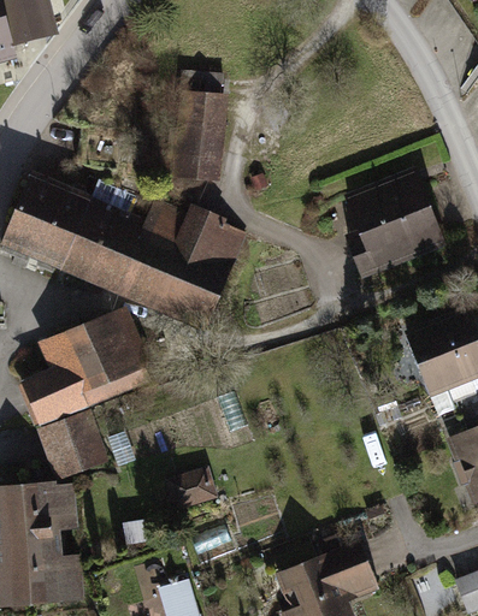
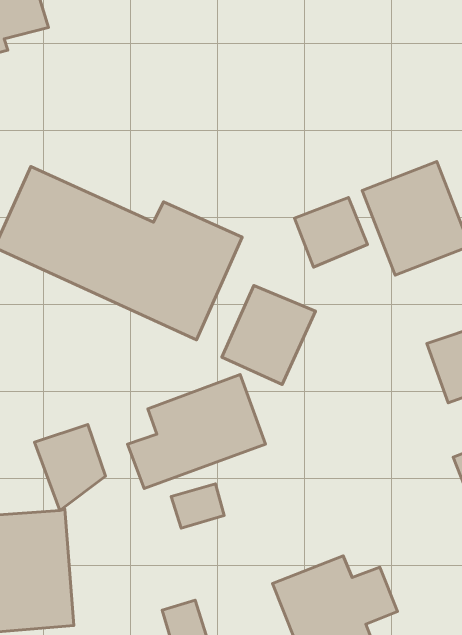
building: [175,89,225,174] -> none
building: none -> [295,197,368,267]
building: none -> [222,285,315,384]
building: [19,310,151,419] -> [128,375,265,488]

